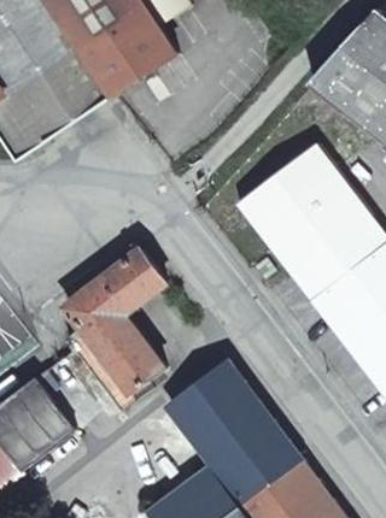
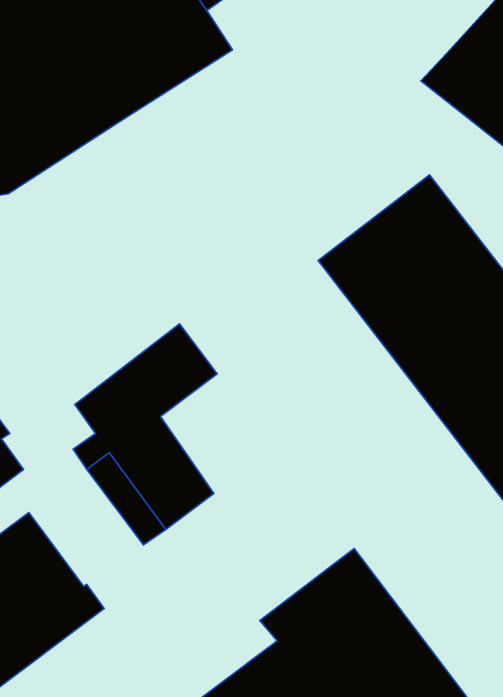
building: [162,360,262,457] -> none

